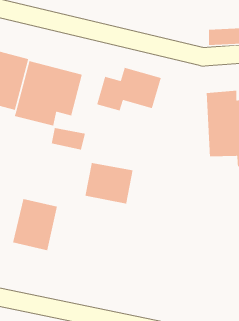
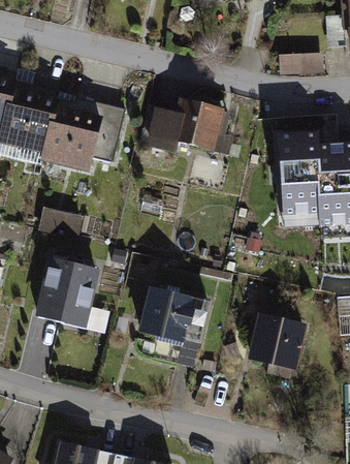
building: [51,127,86,151] -> [37,212,81,241]
building: [84,162,133,205] -> [141,291,202,344]
building: none -> [248,317,306,372]

